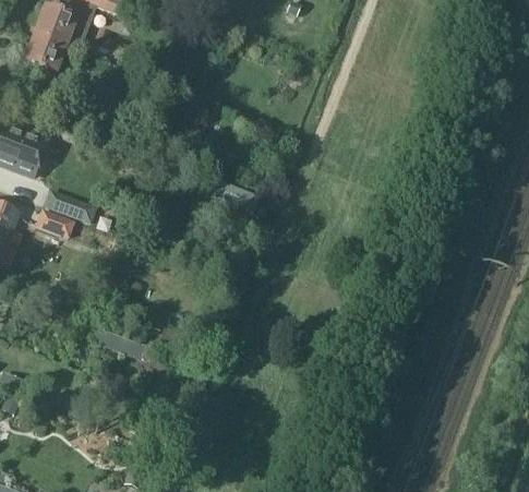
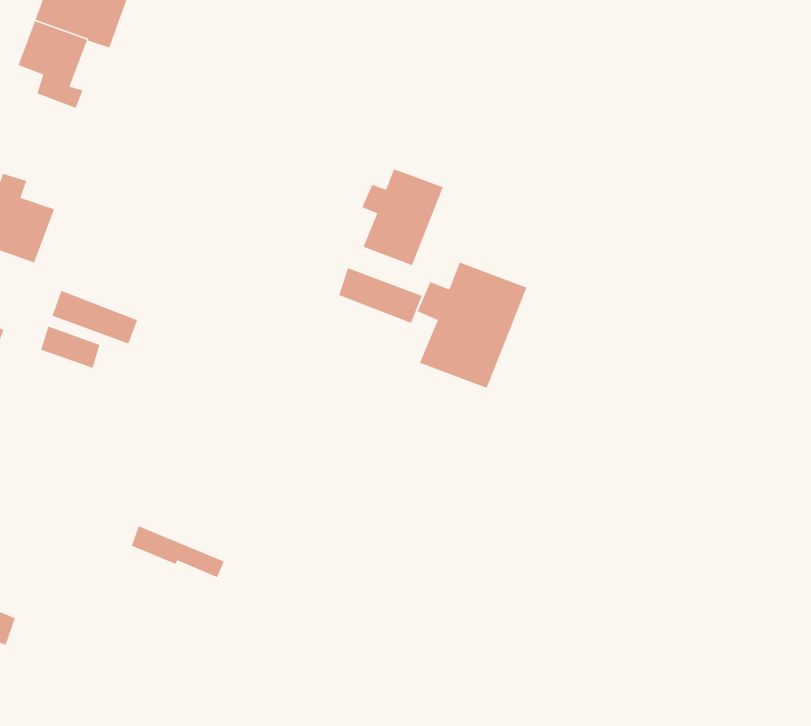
building: none -> [361,168,444,266]
building: none -> [416,262,528,389]

